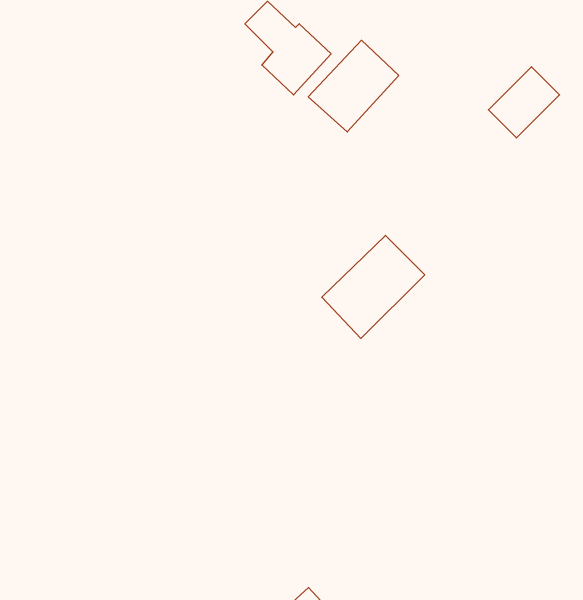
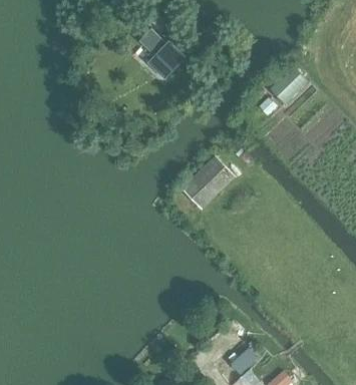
building: [308,40,399,132] -> none

